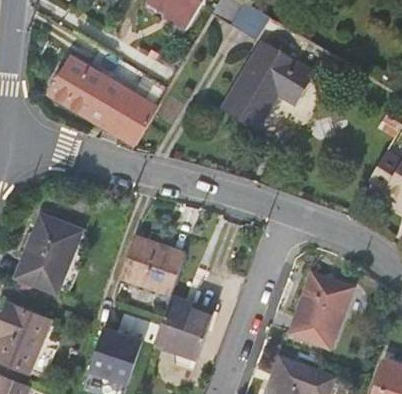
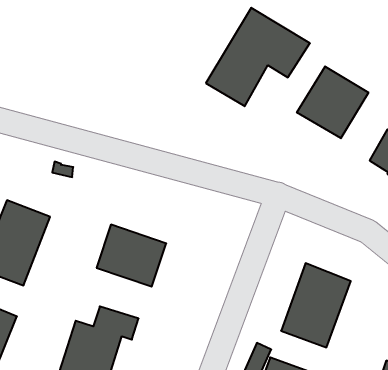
building: [47,55,158,145] -> none
building: none -> [297,66,368,138]
building: [155,296,212,358] -> none

